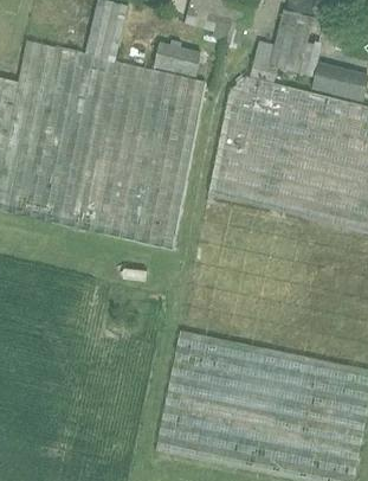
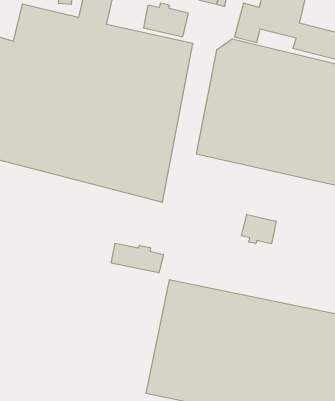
building: none -> [242,214,276,244]
building: none -> [111,243,163,273]

